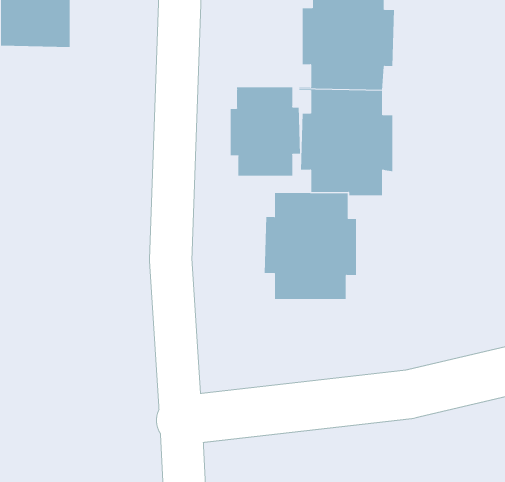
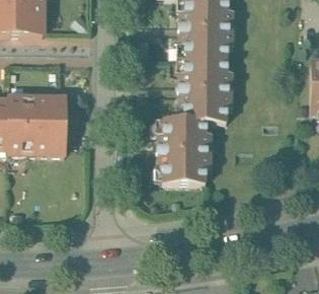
building: [230,86,301,176] -> none
building: none -> [7,98,65,156]

